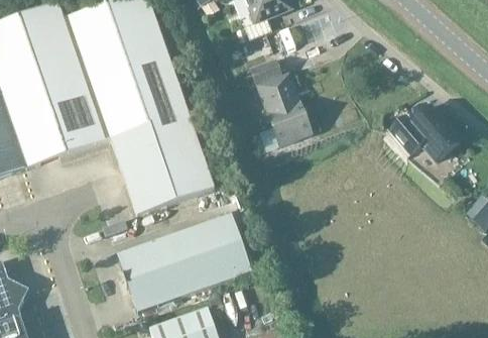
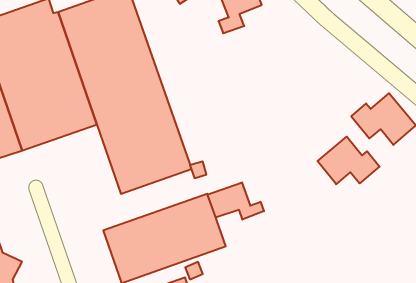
building: [250,59,311,144] -> none
building: none -> [318,137,380,184]
building: none -> [208,182,264,220]

